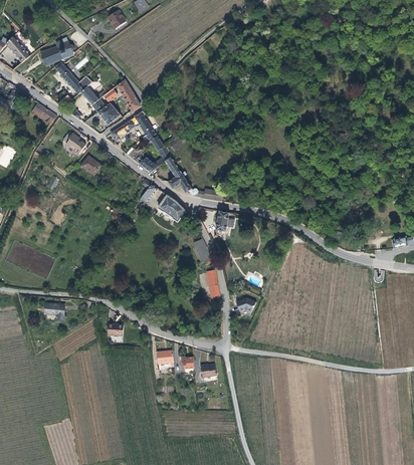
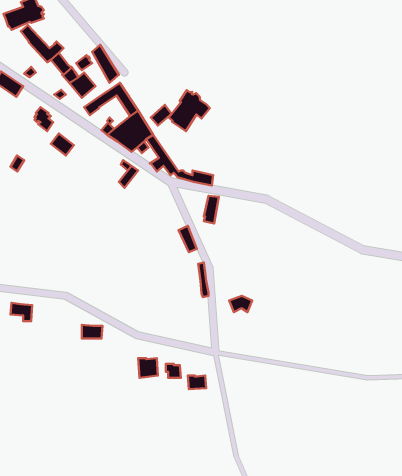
building: none -> [169,90,210,131]
building: [155,193,183,220] -> none

